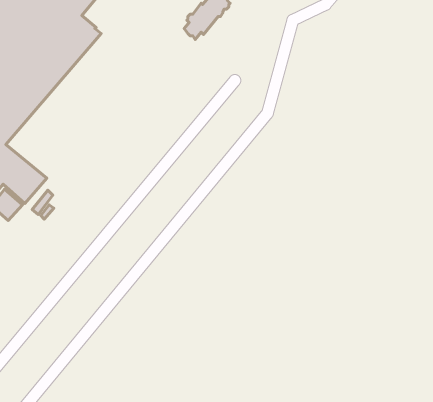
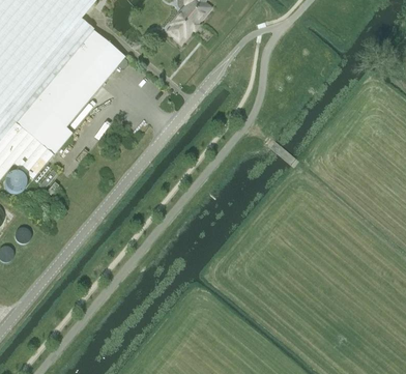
building: none -> [14,32,125,156]

